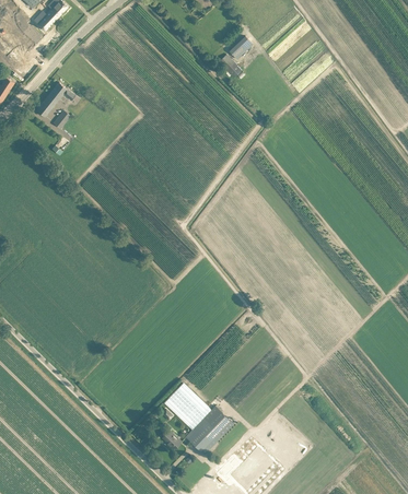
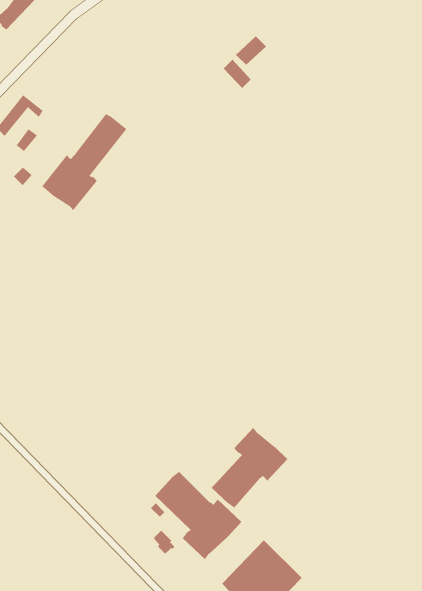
building: none -> [41,114,127,211]
building: none -> [211,427,288,508]

